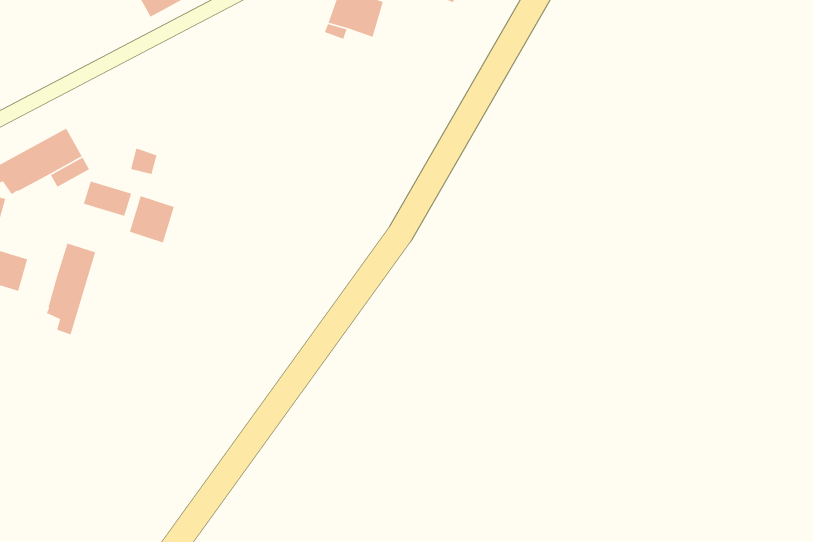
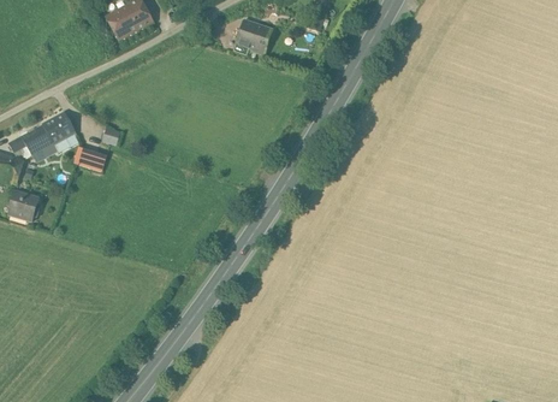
building: [129,195,175,243] -> none
building: [46,243,96,336] -> none

